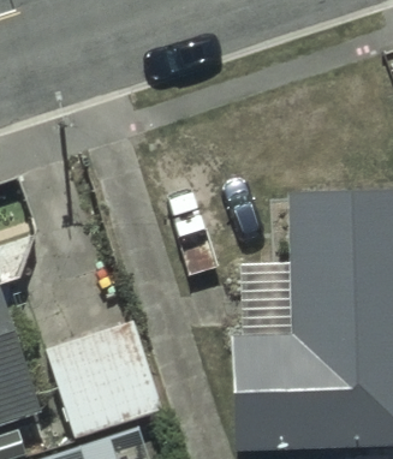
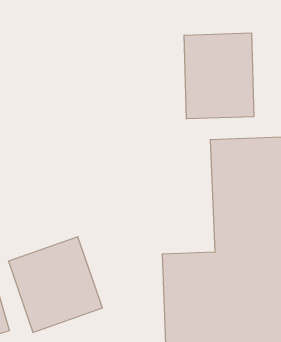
building: none -> [184,33,254,119]

